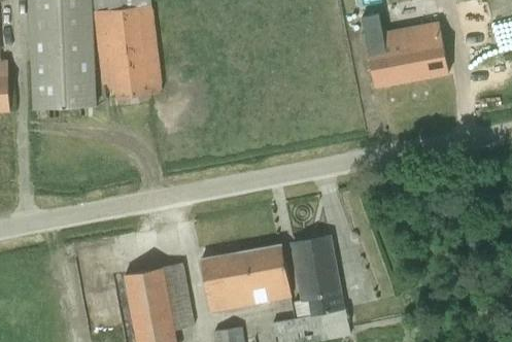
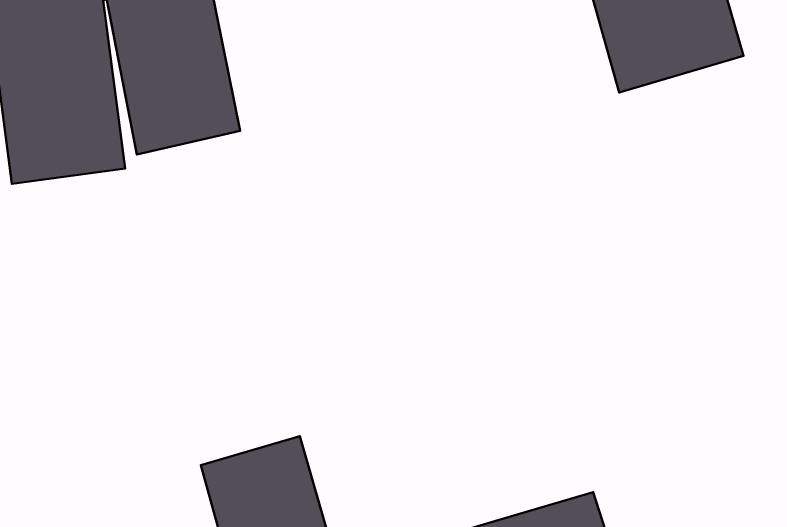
building: [292,235,342,317] -> none
building: [200,244,292,311] -> none

